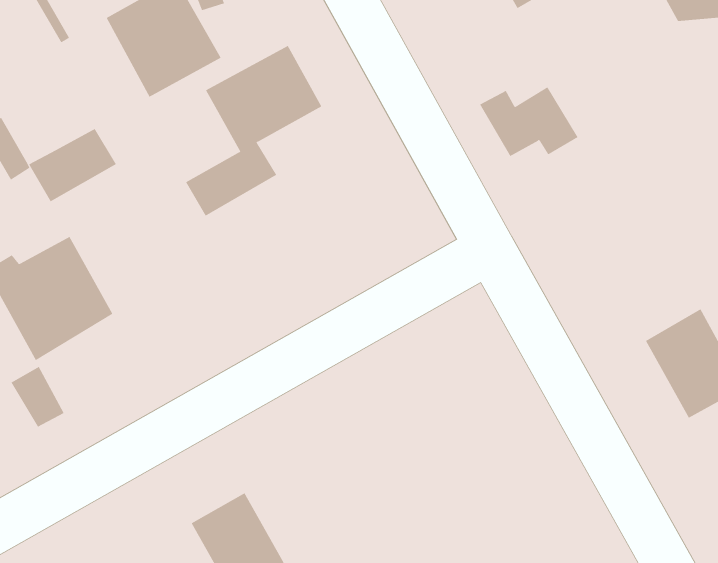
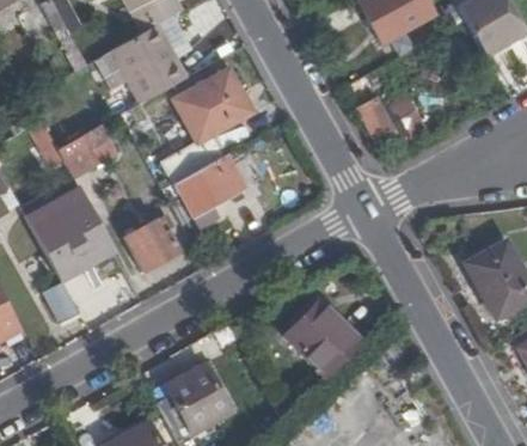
building: none -> [174,154,244,226]
building: none -> [123,214,178,271]
building: none -> [284,300,361,378]

